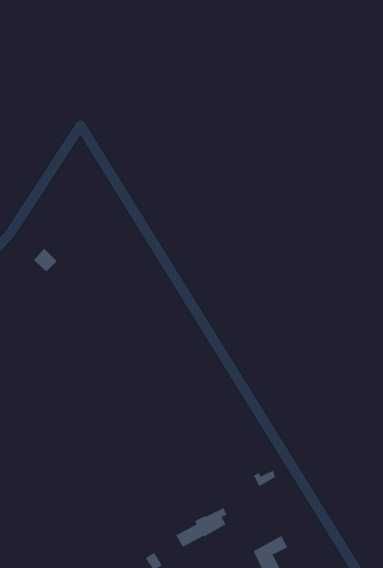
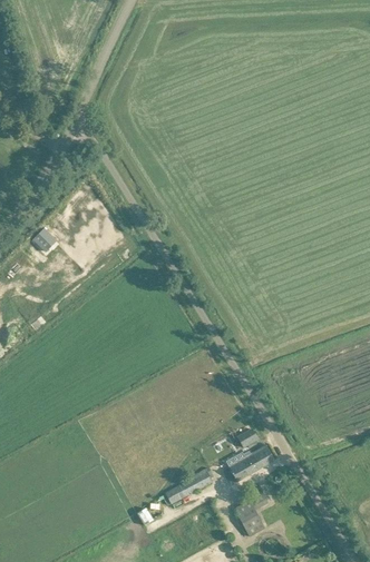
building: none -> [228,445,273,481]

